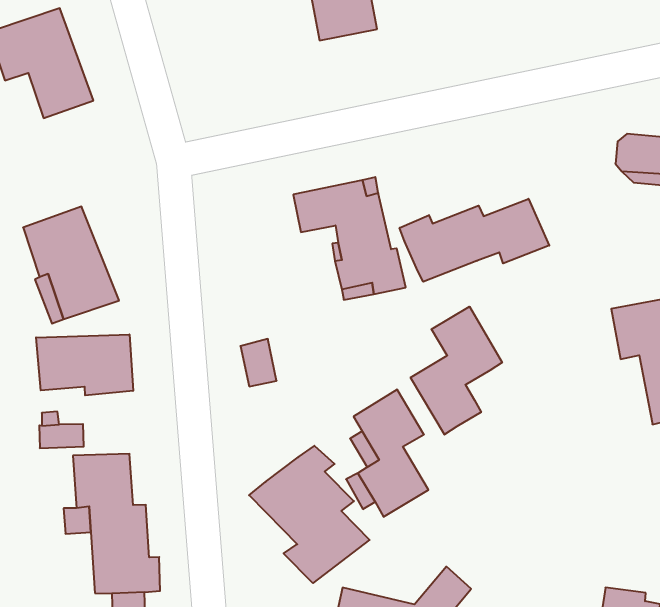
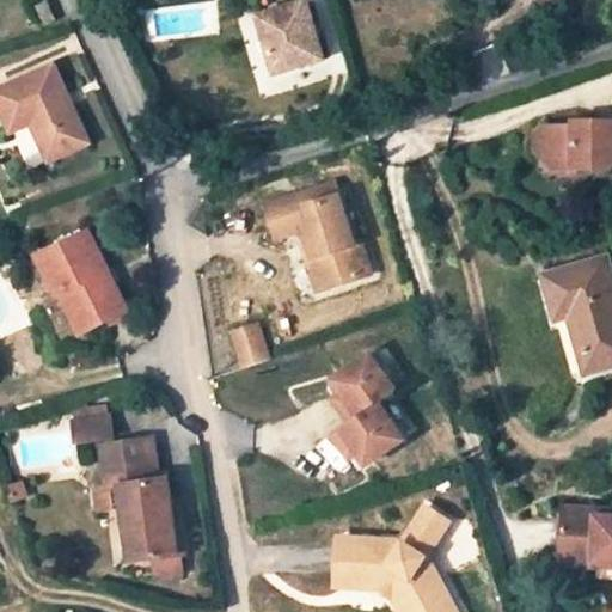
building: [400,199,549,282] -> none
building: [411,307,502,435] -> none
building: [36,334,133,395] -> none
building: [249,446,370,583] -> none

